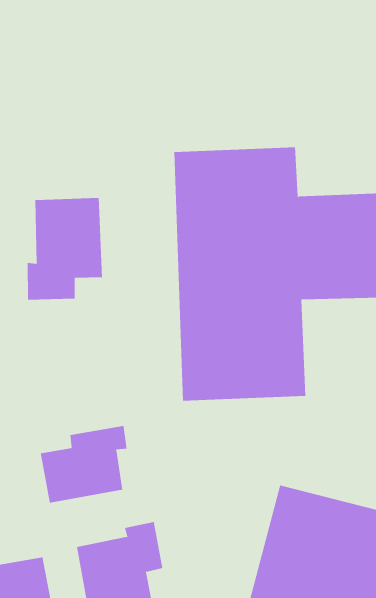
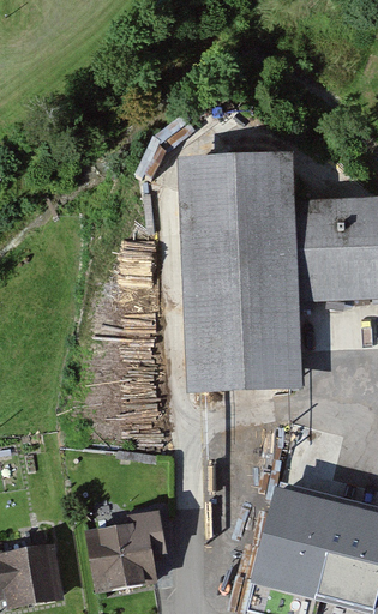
building: [27,197,102,300] -> none
building: [40,425,127,503] -> none

